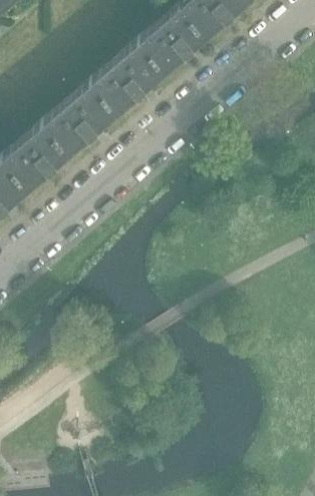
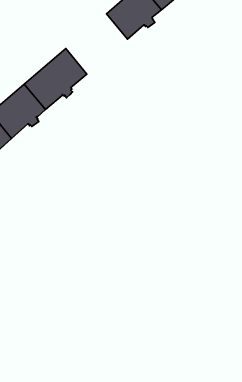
building: [91,43,165,114] -> none

